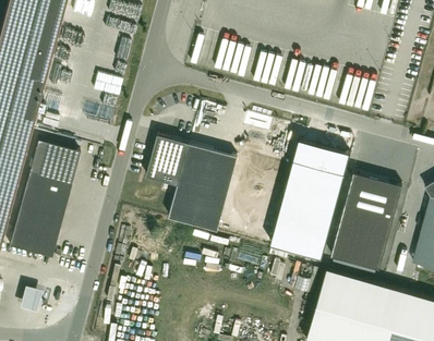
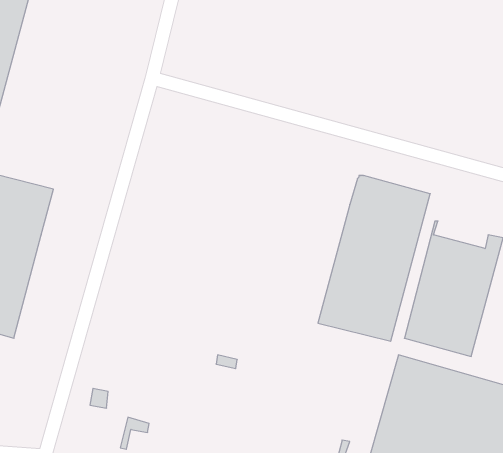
building: [146,135,238,231] -> none

